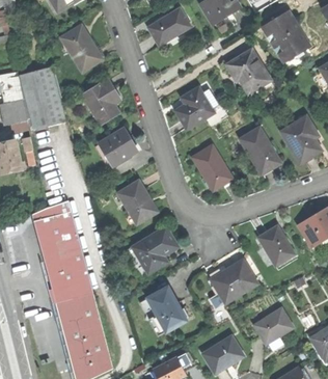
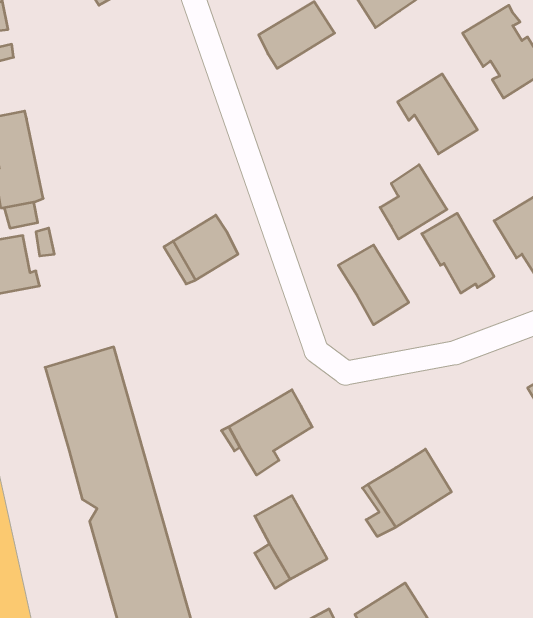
building: [61,25,103,71] -> none
building: [19,67,64,130] -> none
building: [83,79,119,124] -> none
building: [176,87,214,129] -> [380,165,447,239]
building: [118,181,157,224] -> none
building: [257,226,294,266] -> none
building: [253,306,293,343] -> none

